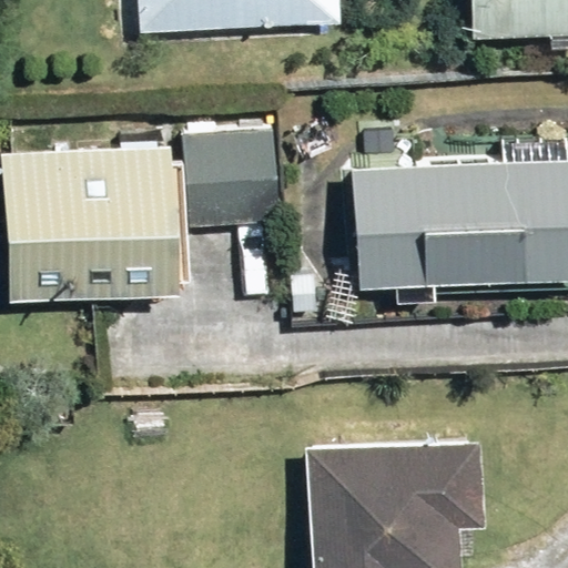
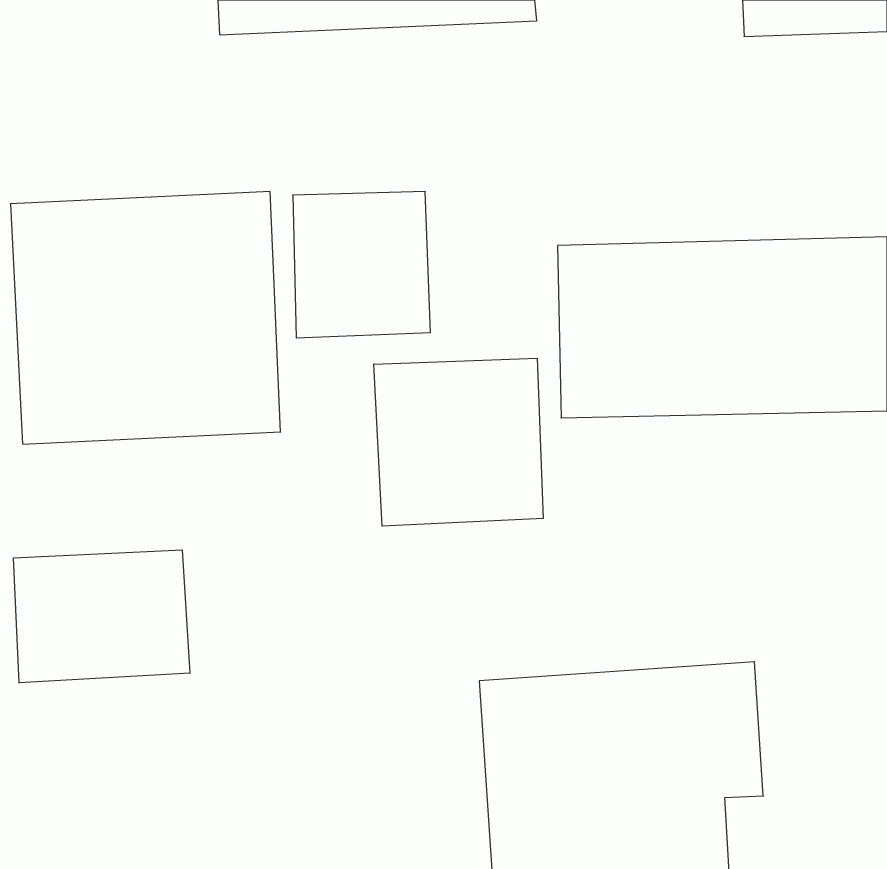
building: none -> [374,358,543,526]
building: none -> [13,550,190,683]

